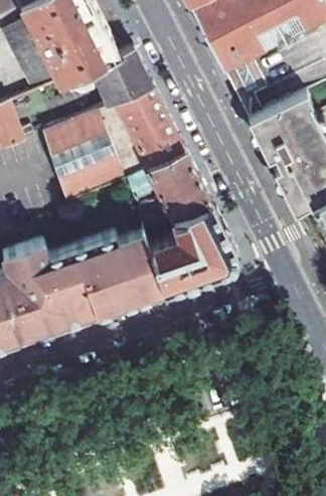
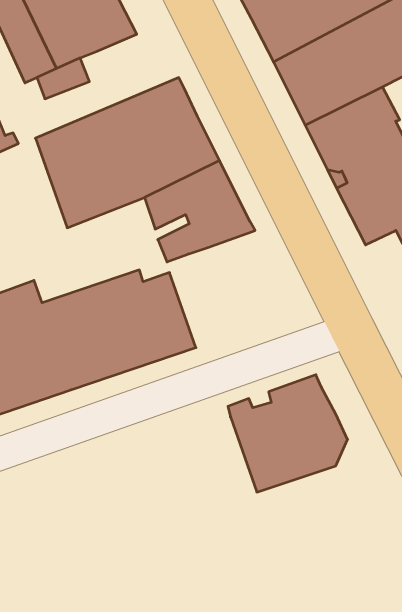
building: [89,48,151,104] -> none
building: [142,202,233,292] -> [228,375,348,492]

